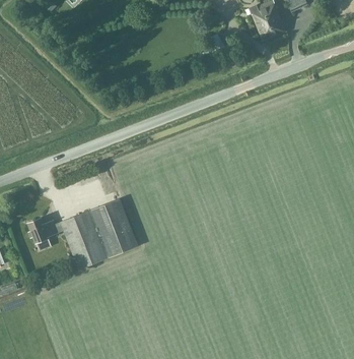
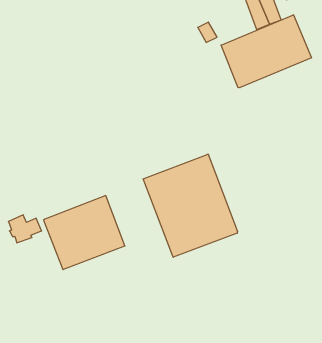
building: none -> [221,15,311,88]
building: none -> [143,154,237,257]

